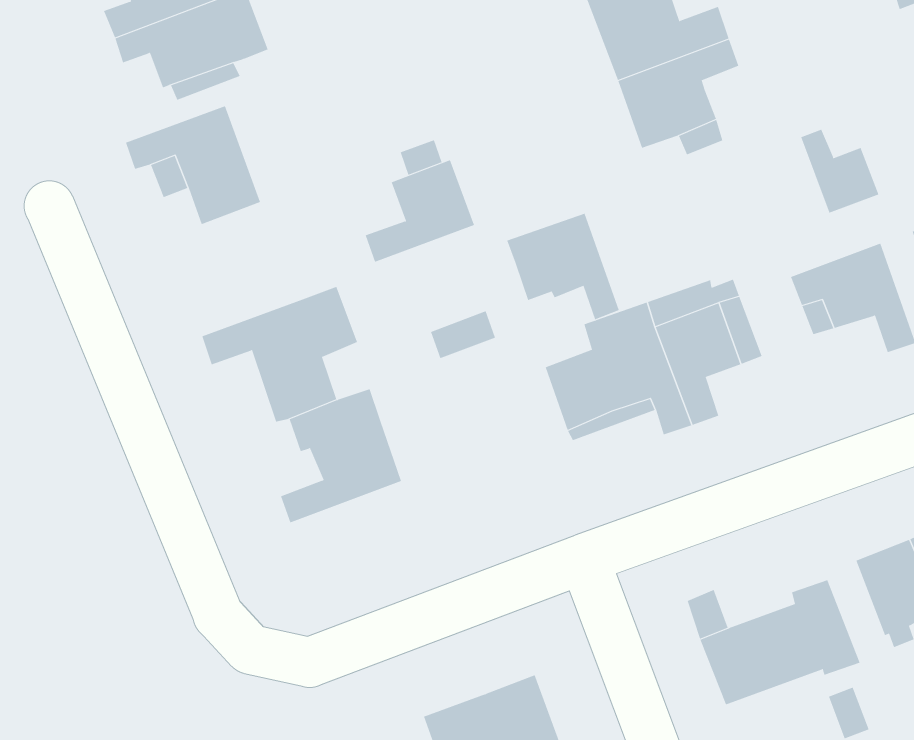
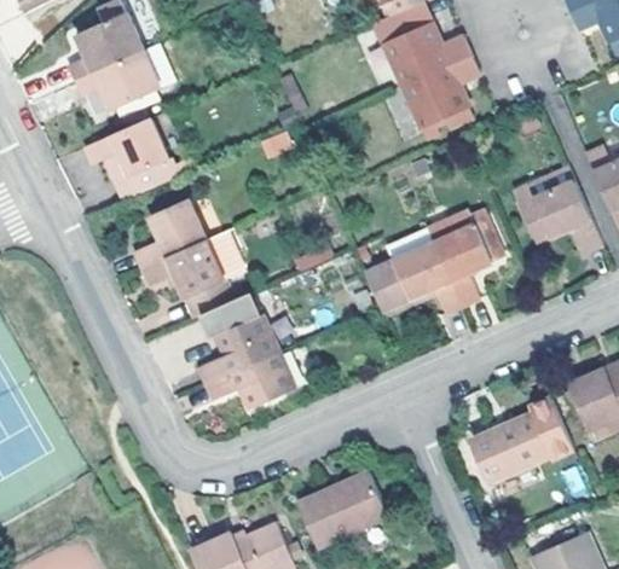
building: [801,129,879,213] -> none
building: [365,159,475,262] -> [135,198,206,267]
building: [506,213,619,320] -> none
building: none -> [207,352,293,408]

